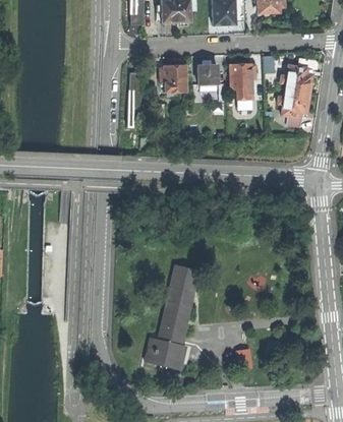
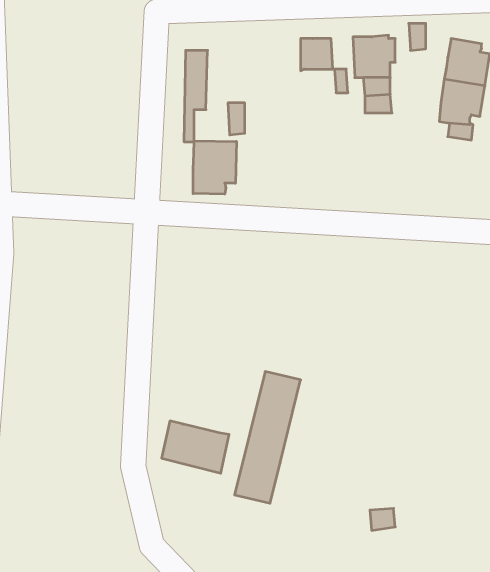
building: [160,65,186,92] -> none
building: none -> [193,141,236,194]
building: [145,338,185,369] -> [162,421,229,473]

